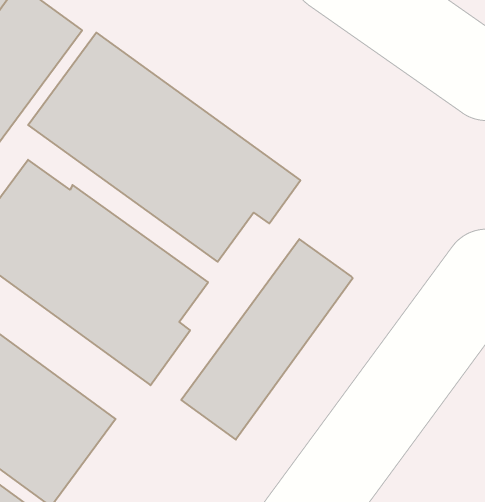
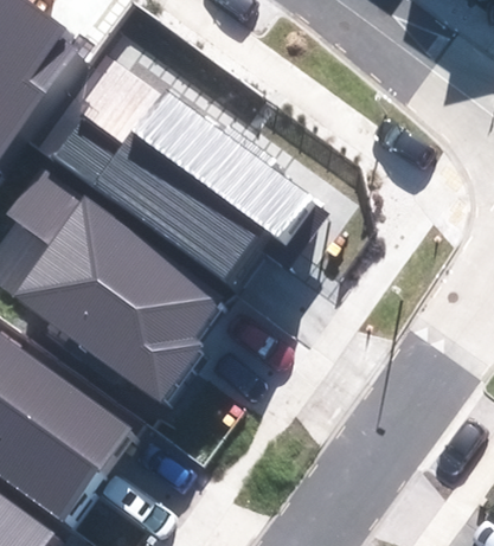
building: [181,239,353,440] -> none

